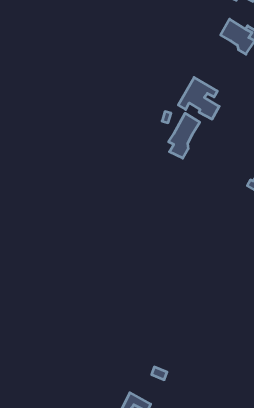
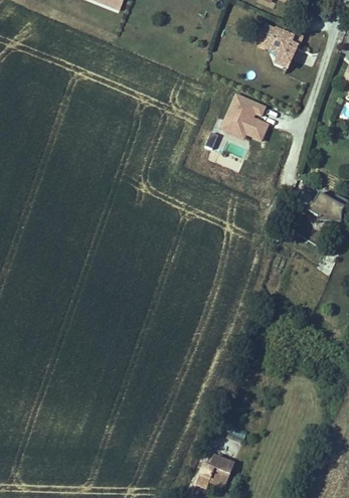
building: [169,113,200,158] -> none

